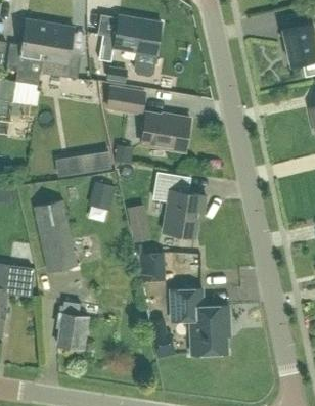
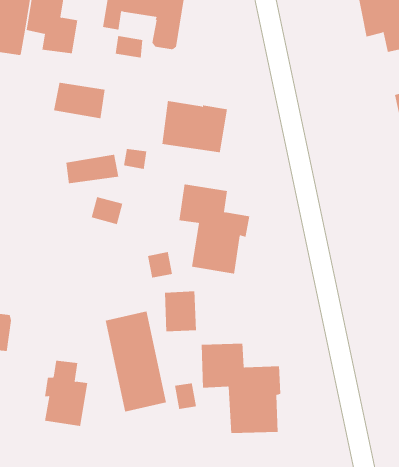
building: [106,87,144,114] -> [53,82,105,119]
building: [32,199,77,273] -> [105,311,167,412]

